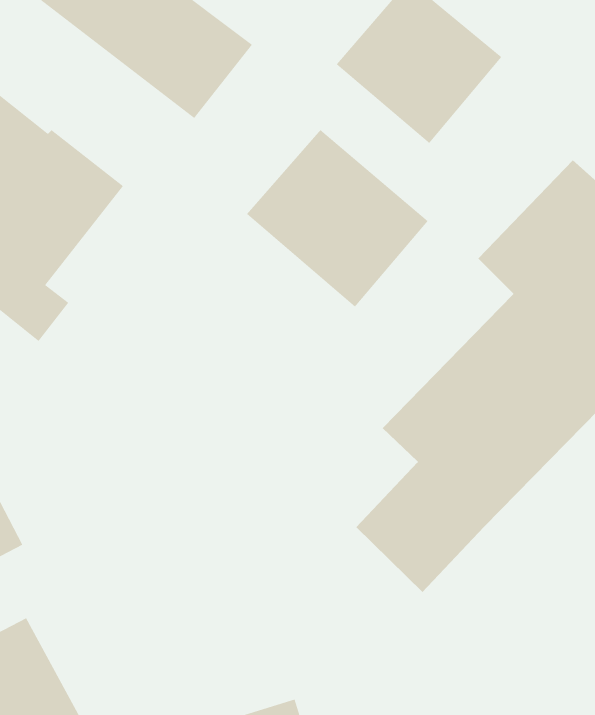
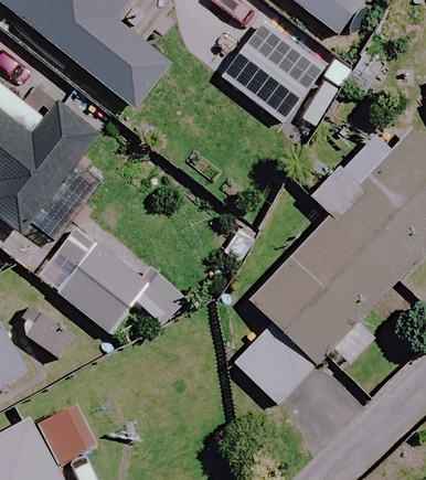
building: [246,129,429,308] -> none
building: none -> [55,241,148,331]

